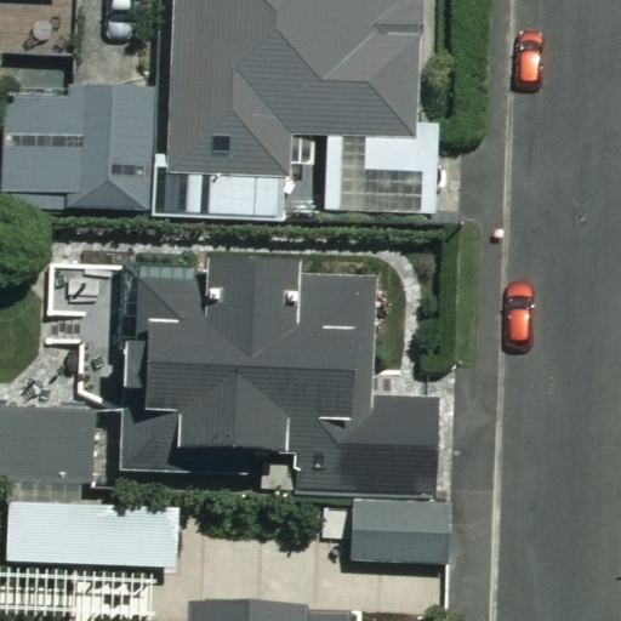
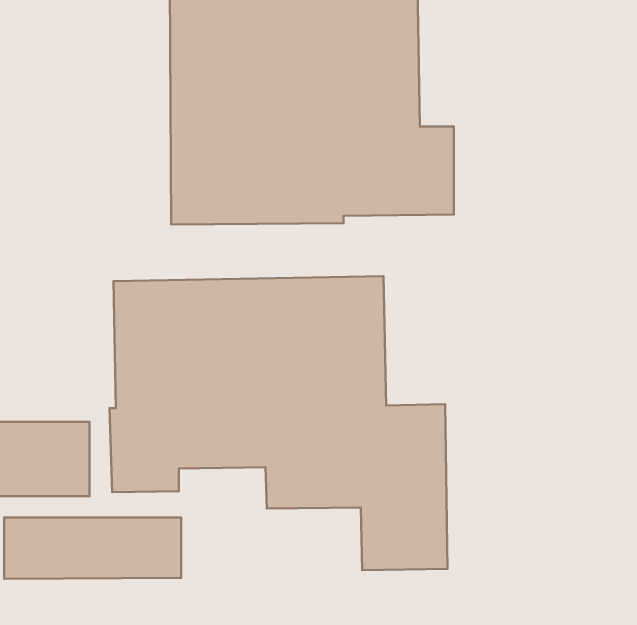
building: [10,76,152,207] -> none

